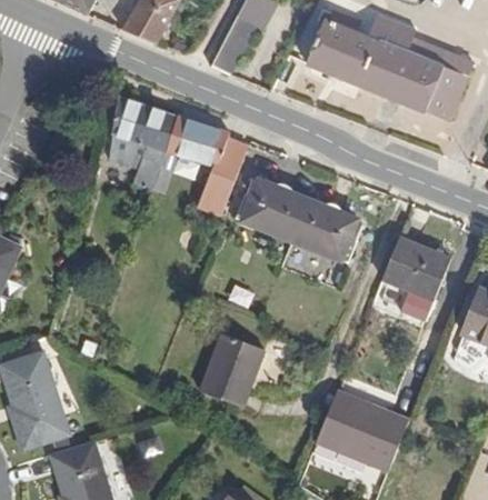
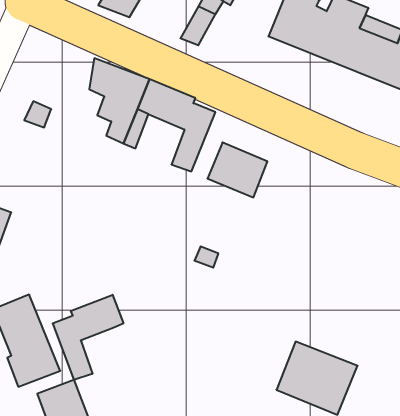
building: [289,200,351,259] -> none
building: [378,239,446,301] -> none
building: [198,336,262,409] -> none
building: none -> [53,295,123,380]

